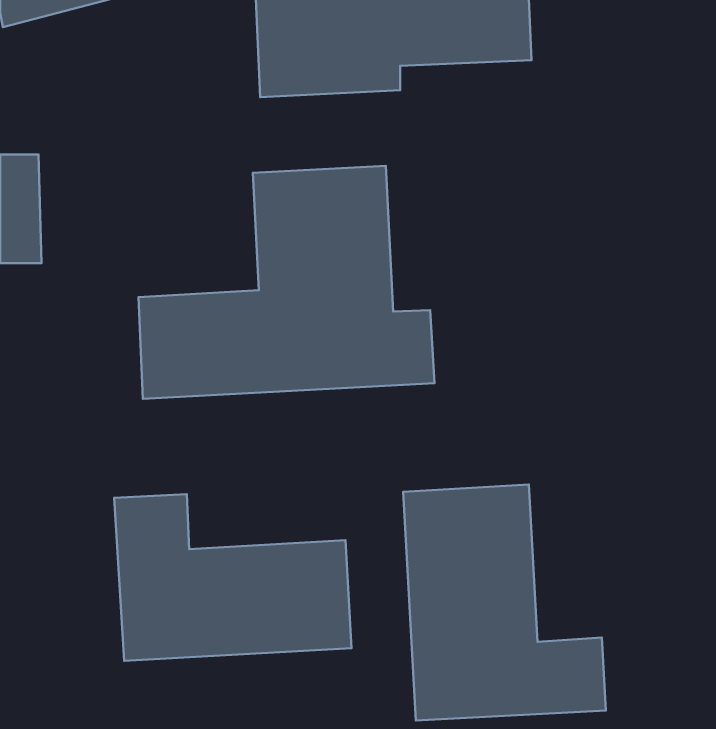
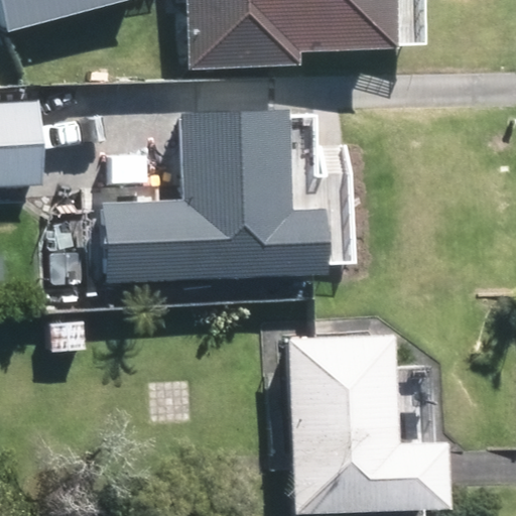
building: [114,494,351,661] -> none

